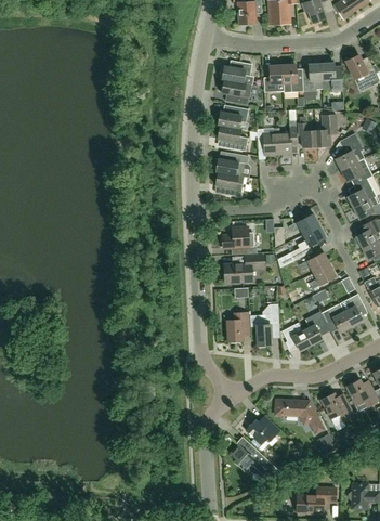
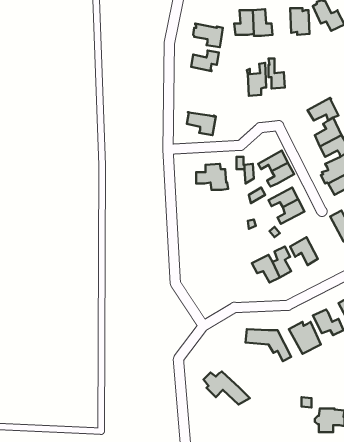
building: [220,62,252,83] -> none
building: [302,63,323,92] -> none
building: [315,114,337,146] -> none
building: [217,125,248,151] -> none
building: [257,128,278,155] -> none
building: [335,133,364,170] -> none
building: [213,153,249,177] -> none
building: [224,255,264,282] -> none
building: [339,294,364,327] -> none
building: [257,304,278,344] -> none
building: [226,312,250,340] -> none
building: [245,415,279,447] -> none
building: [294,487,336,512] -> none

